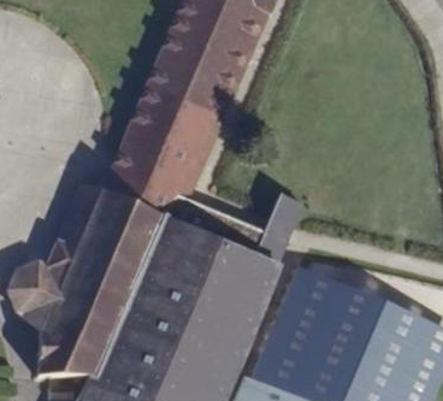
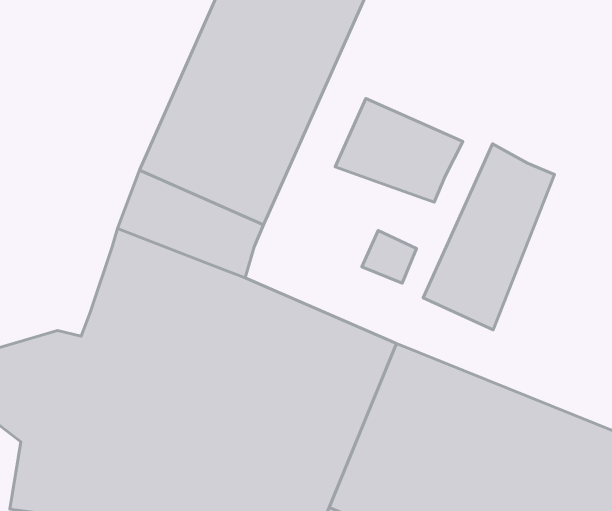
building: none -> [335,98,463,202]
building: none -> [423,144,555,330]

